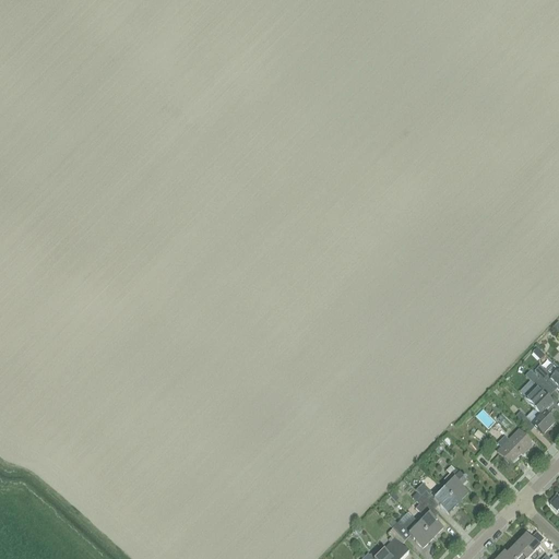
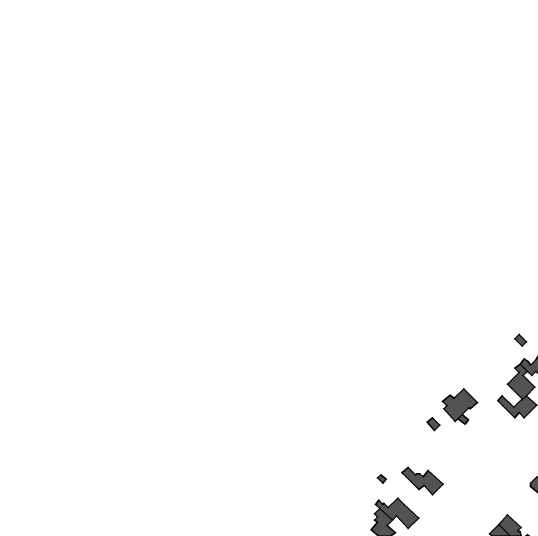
building: [498,429,534,463] -> [443,389,477,421]
building: [444,463,469,501] -> none
building: [417,493,444,536] -> none

